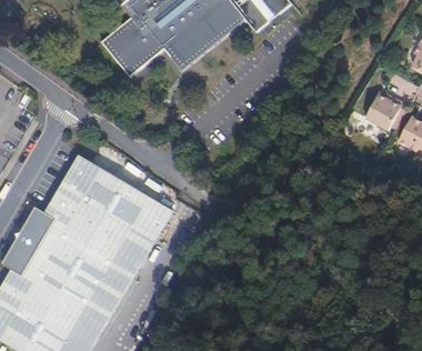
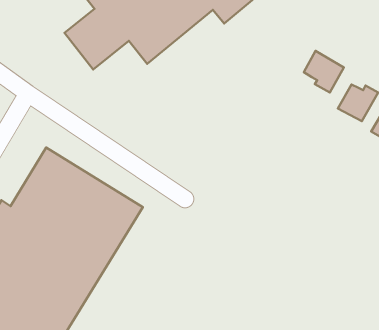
building: none -> [304,51,344,93]

